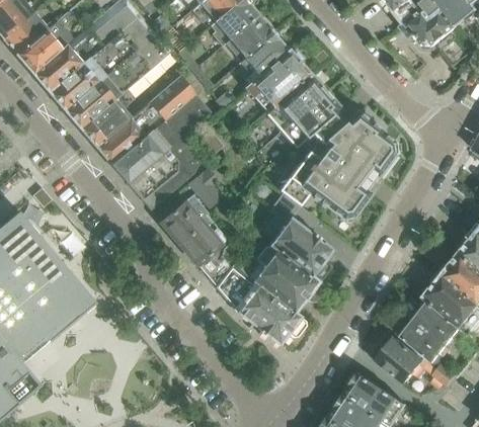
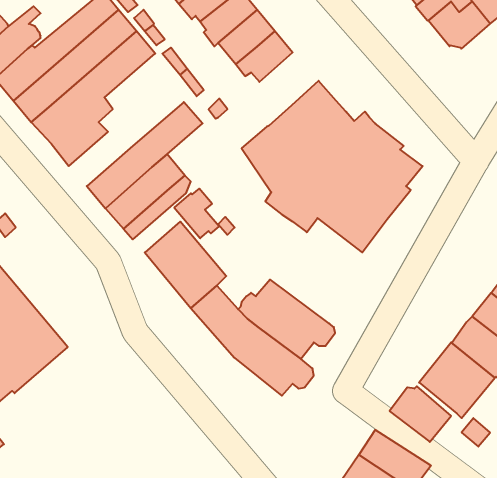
building: [245,49,310,111] -> none
building: [96,70,202,163] -> none
building: [268,190,332,280] -> none

